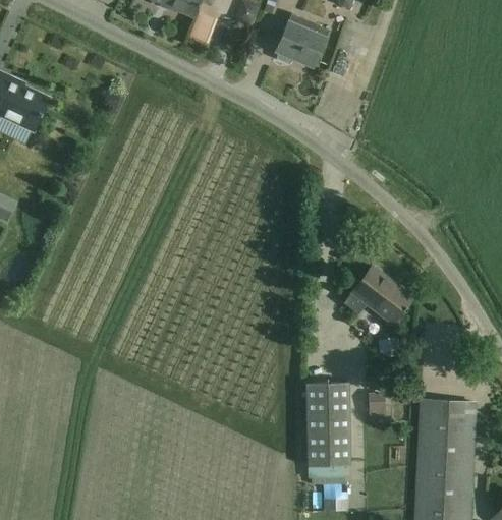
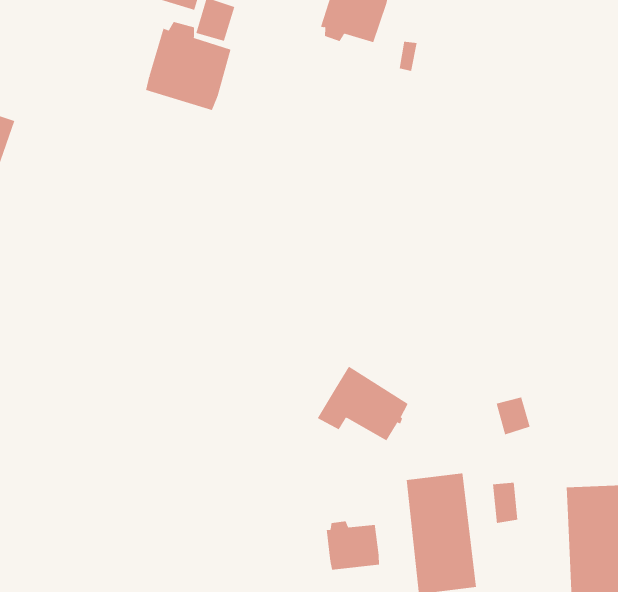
building: none -> [146,21,231,111]
building: [345,266,412,323] -> [317,366,409,441]
building: none -> [326,521,379,570]

